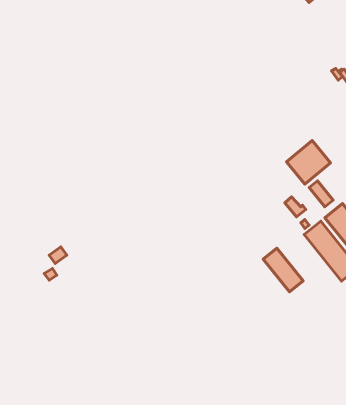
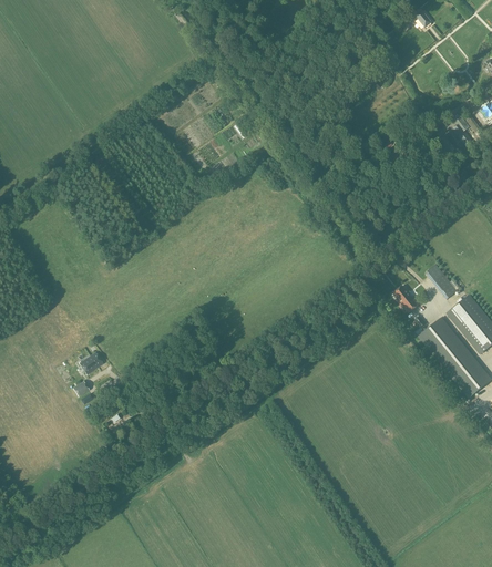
building: [287,141,331,184] -> none
building: [263,248,303,292] -> none

